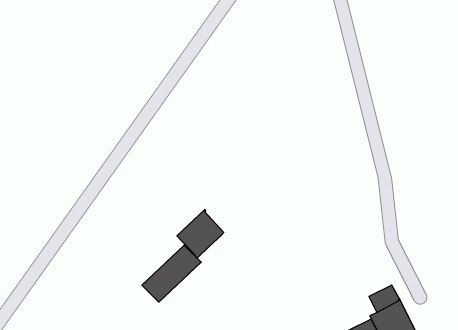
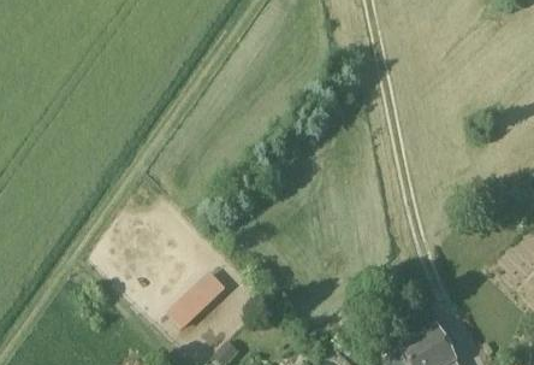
building: [177,209,224,258] -> none

